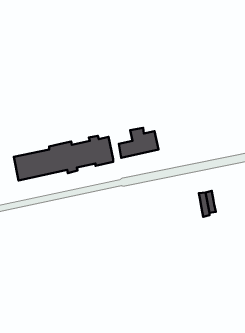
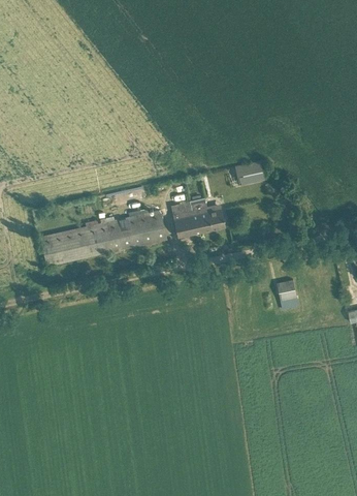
building: none -> [235,160,264,185]

